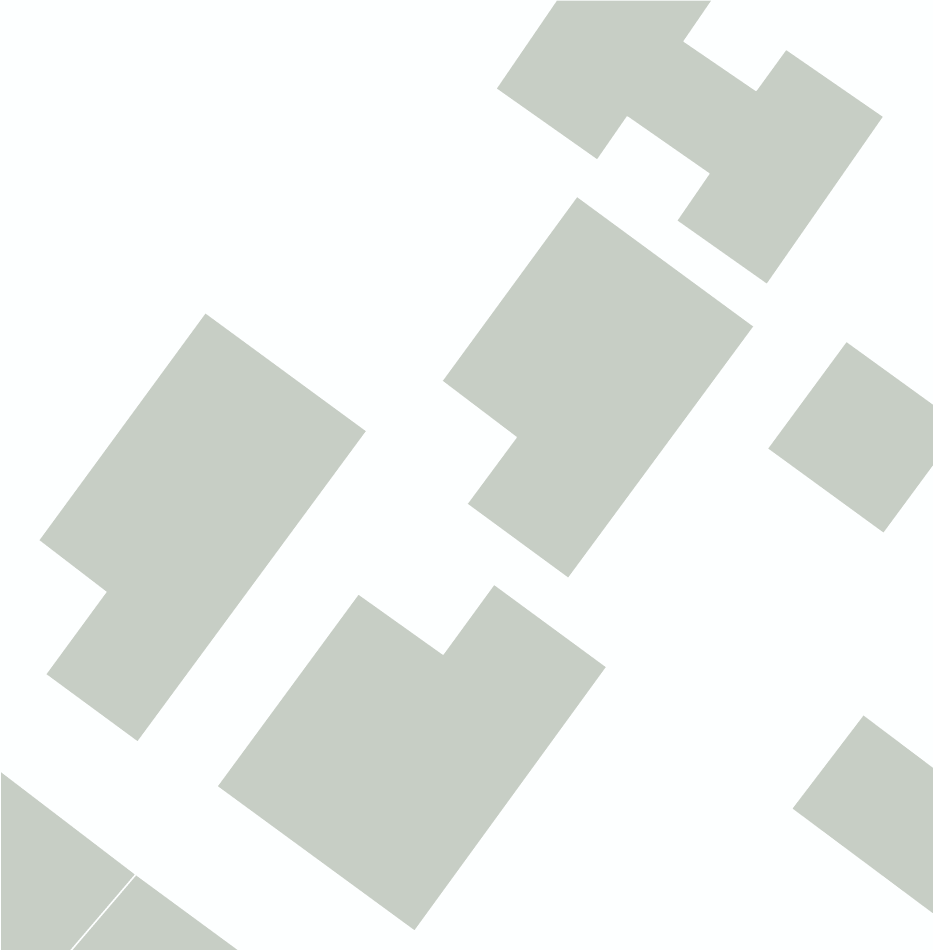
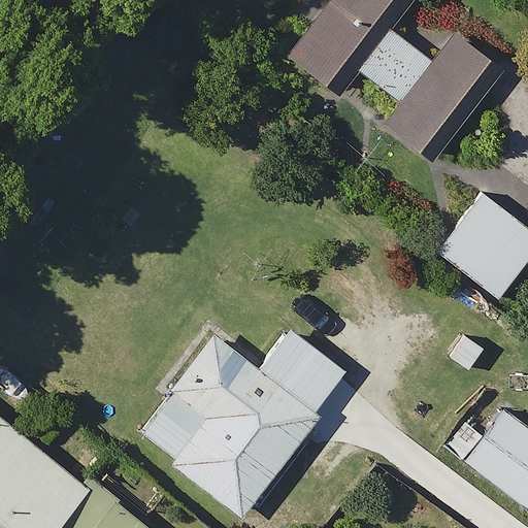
building: [442,196,754,578] -> none
building: [39,313,367,742] -> none

